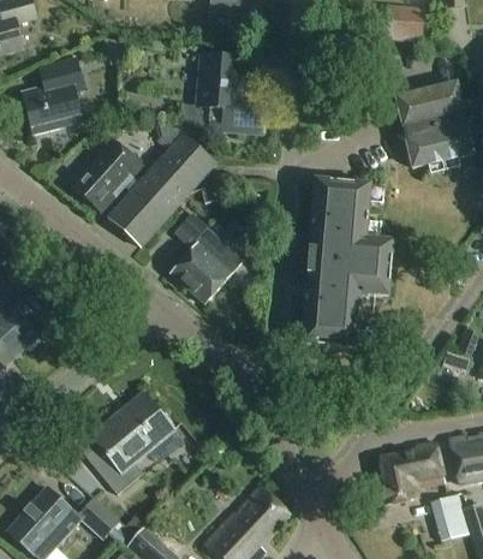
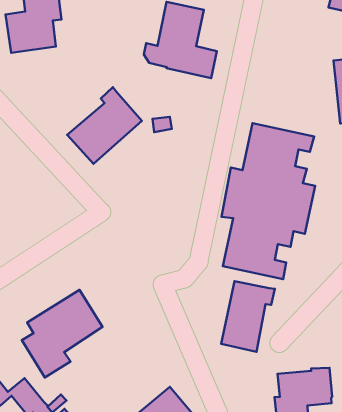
building: [157,133,216,191] -> none
building: [73,136,143,212] -> none
building: [171,213,244,303] -> none
building: none -> [221,281,275,352]

